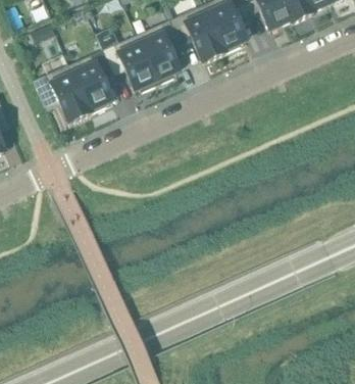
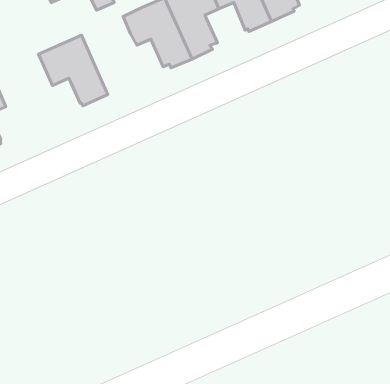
building: [69,49,114,110] -> none

